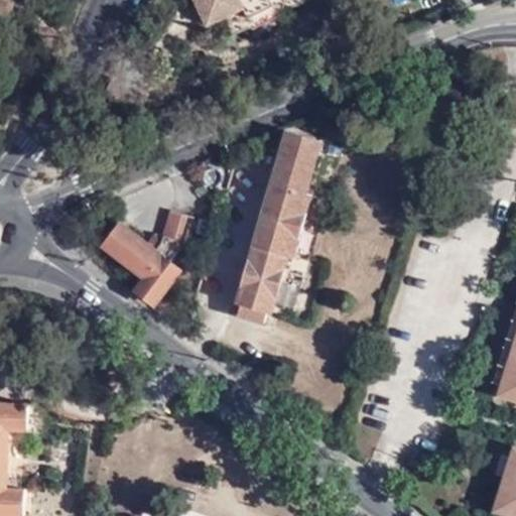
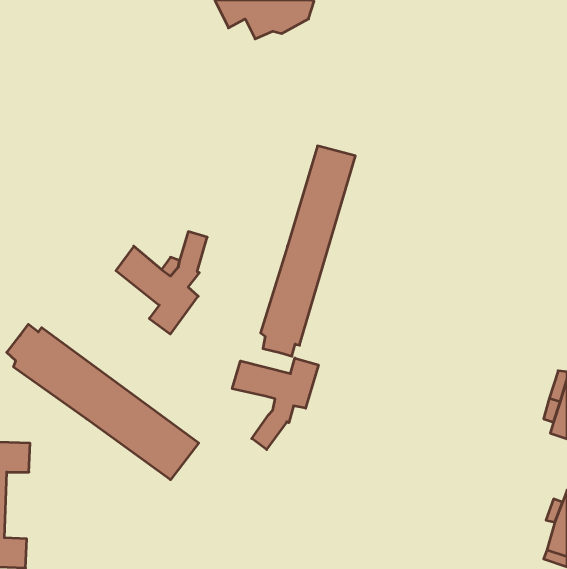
building: none -> [7,324,199,480]
building: none -> [232,358,318,450]

